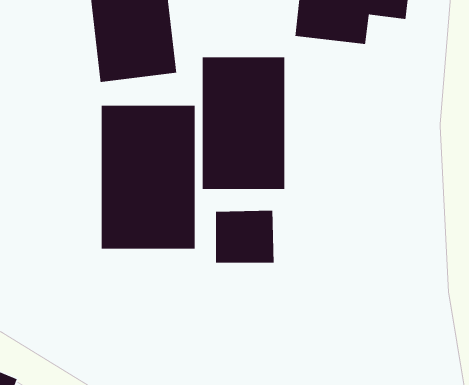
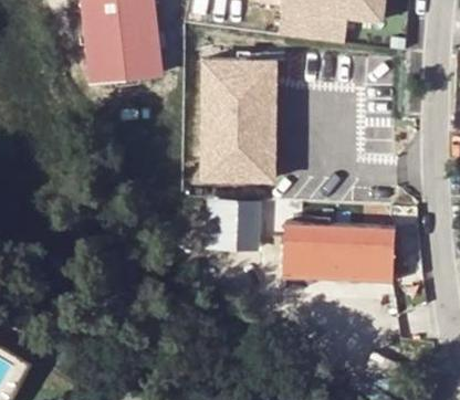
building: [101,105,196,250] -> none
building: none -> [279,221,393,282]

